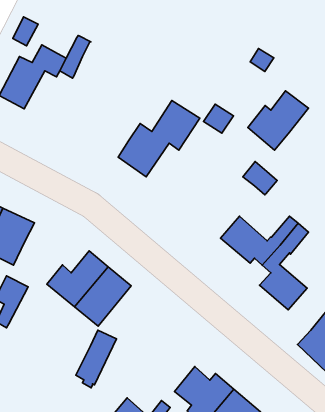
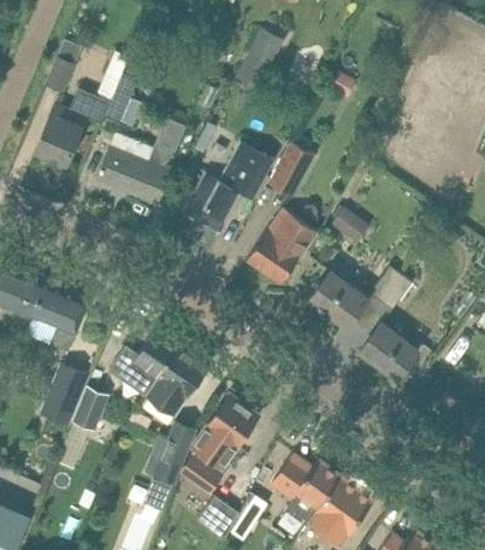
building: none -> [235,30,284,93]
building: none -> [96,118,184,203]
building: [248,91,309,150] -> [247,212,317,283]
building: none -> [71,388,107,432]
building: none -> [182,396,258,492]

